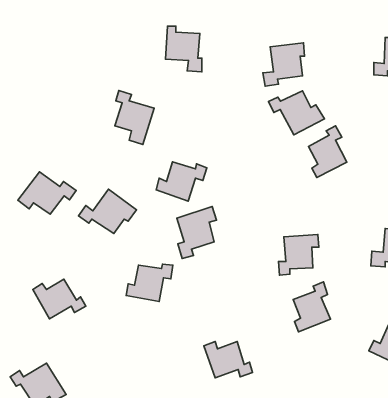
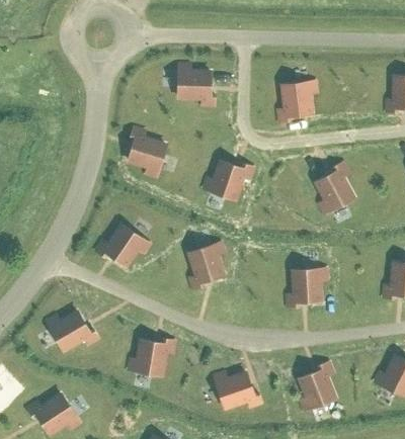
building: [268,91,324,135] -> none
building: [156,162,207,201] -> [205,161,254,199]
building: [18,172,76,214] -> none
building: [126,264,173,302] -> [130,339,175,375]
building: [293,282,331,332] -> [300,361,336,410]

